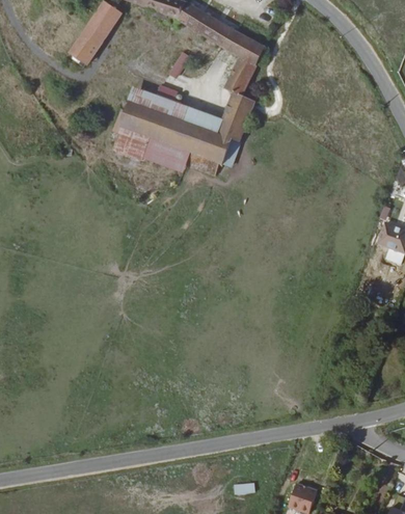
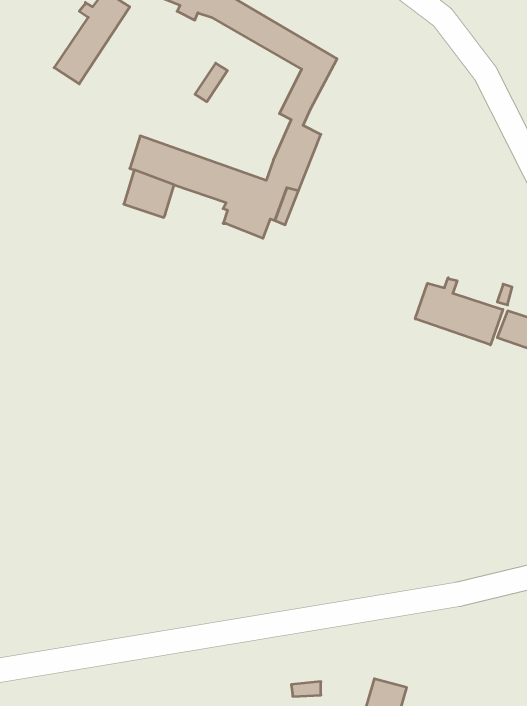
building: [128,89,221,133] -> none
building: [145,136,189,170] -> none
building: none -> [415,278,503,345]

